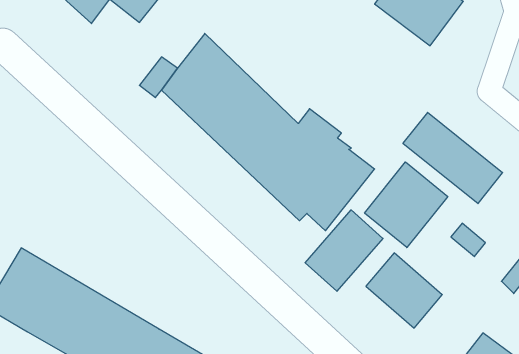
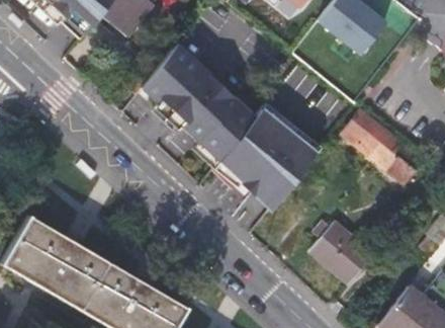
building: [365,162,448,248] -> none
building: [305,210,383,291] -> none

